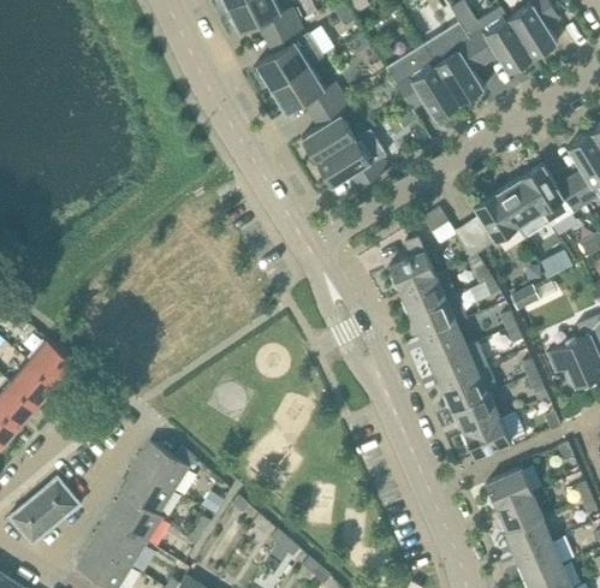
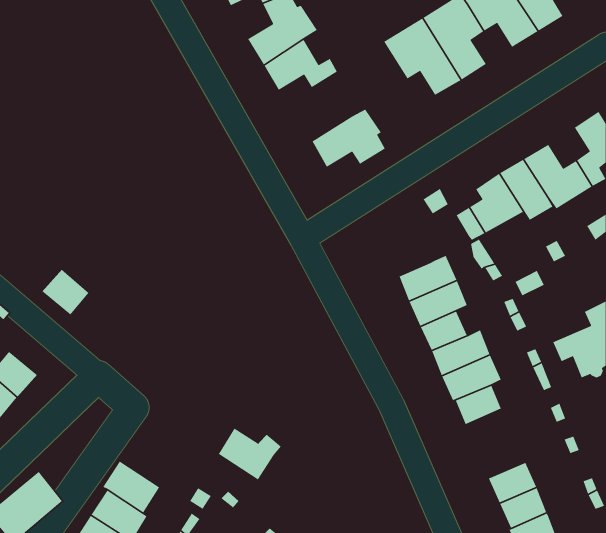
building: [302,96,356,162] -> none
building: [390,237,435,291] -> none
building: [29,340,75,385] -> [42,269,90,315]
building: [464,411,525,457] -> none
building: [135,441,196,492] -> [218,428,282,481]

